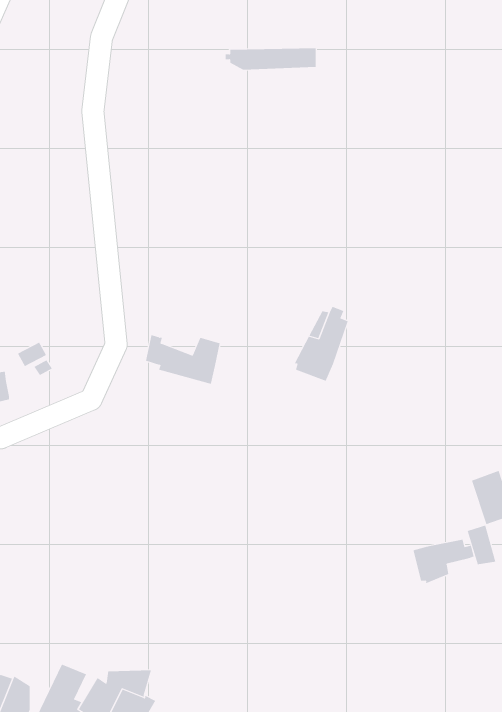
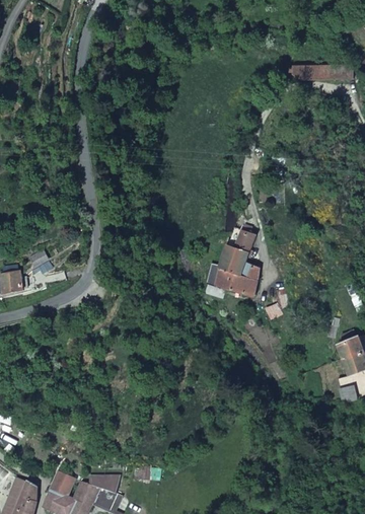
building: [225,48,317,70] -> [289,65,352,80]
building: [145,334,220,385] -> [208,263,260,297]
building: [413,539,474,584] -> none

